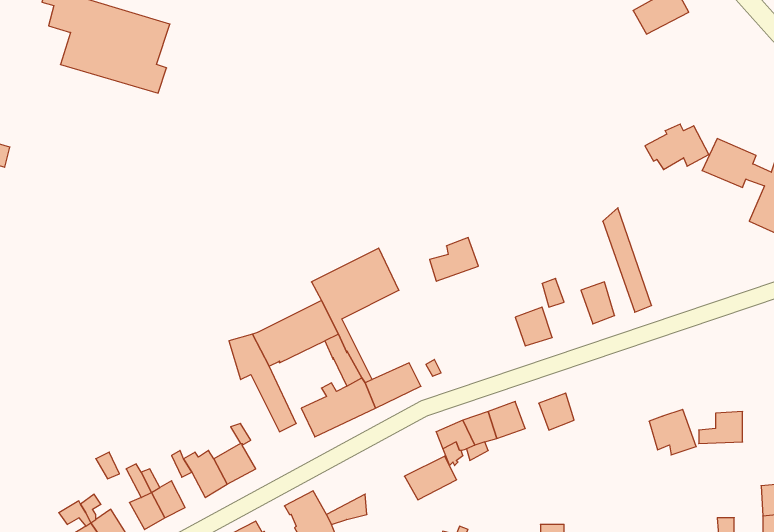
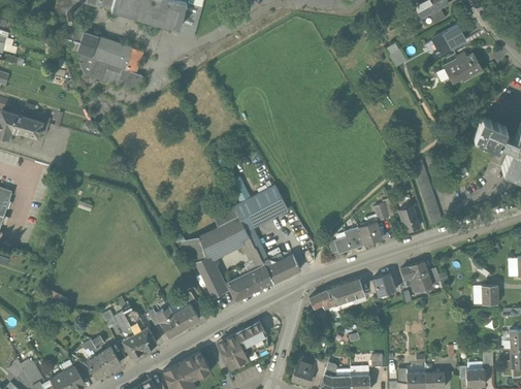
building: [645,124,709,170] -> [443,53,482,80]
building: [430,238,478,281] -> [335,227,365,254]
building: [649,409,696,455] -> [402,262,431,290]
building: [404,456,457,500] -> [235,321,267,348]

